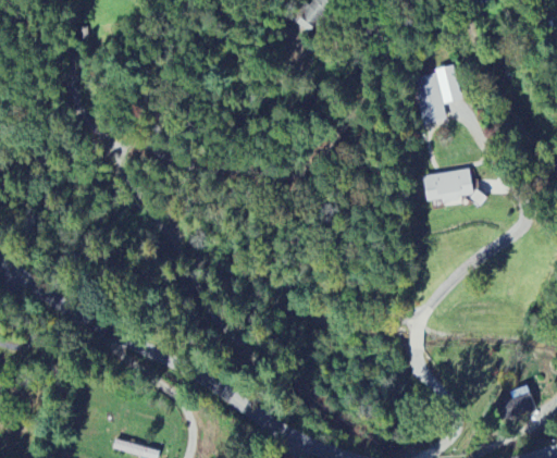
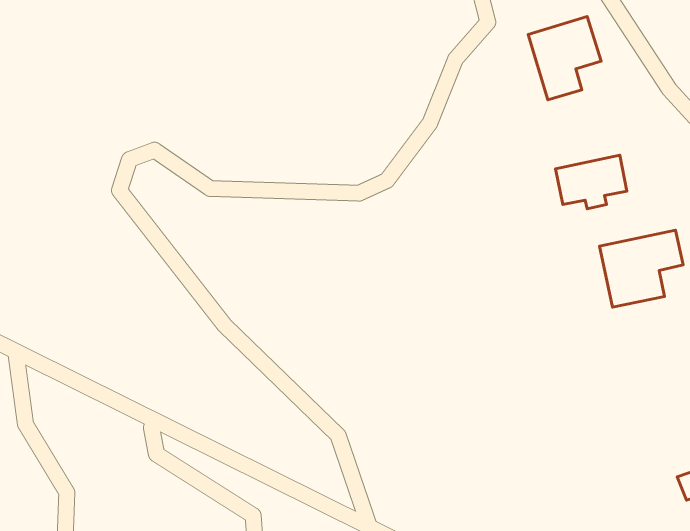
building: none -> [600,230,683,307]

